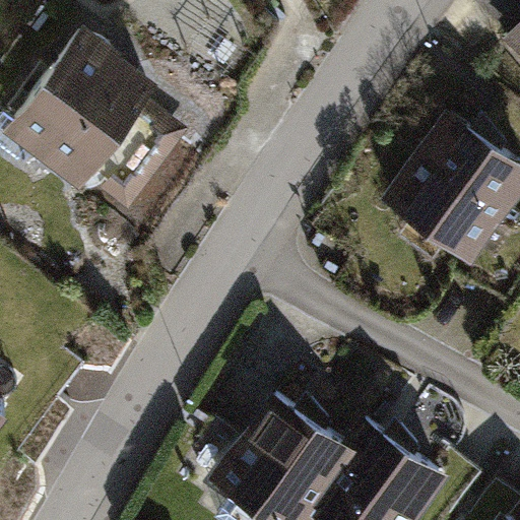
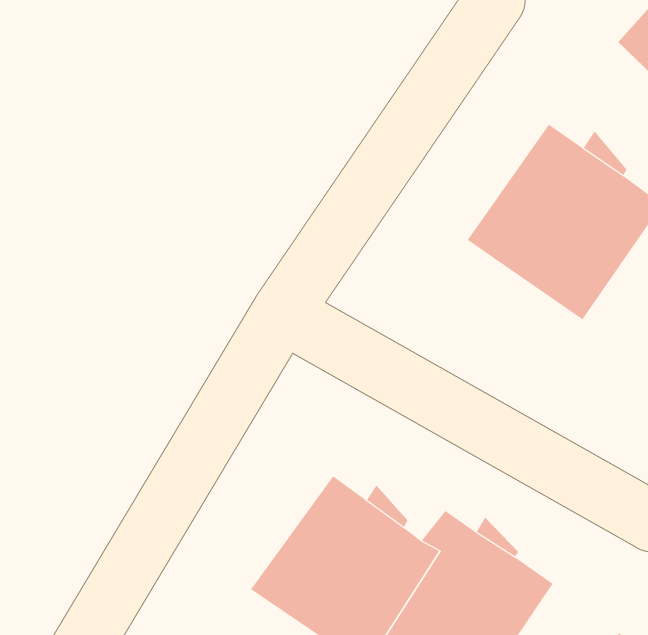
building: [9,29,185,217] -> none

